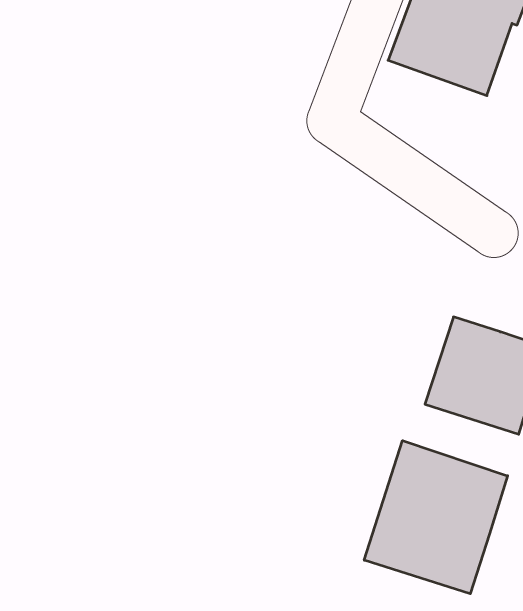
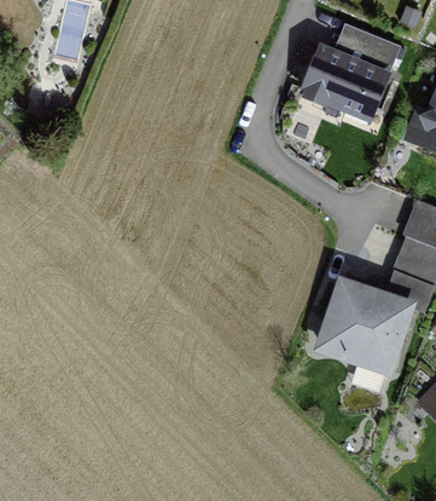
building: [364,441,508,594] -> none

